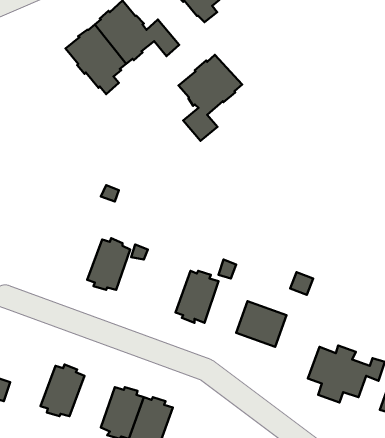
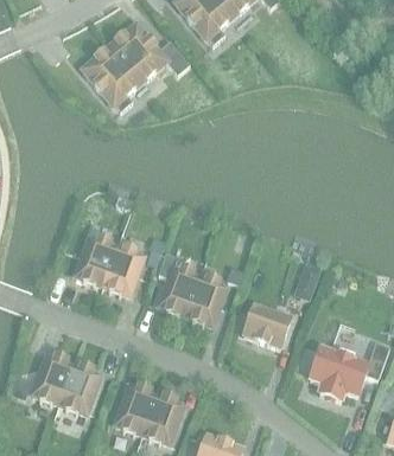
building: [178,55,242,141] -> none
building: none -> [74,236,115,284]
building: none -> [157,252,198,315]
building: none -> [30,354,71,404]

